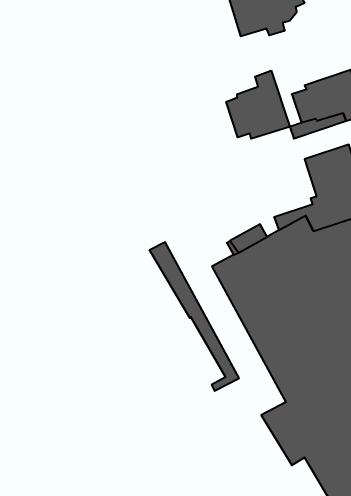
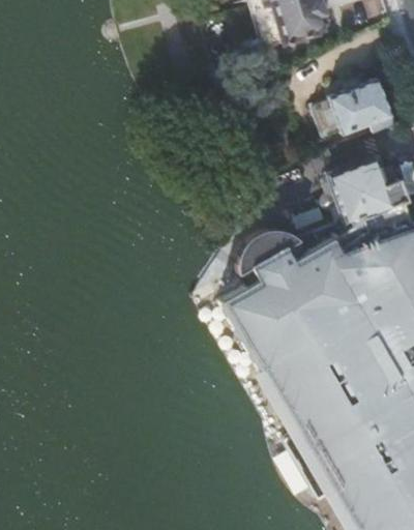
building: [226,71,290,139] -> none
building: [149,242,239,391] -> [216,287,310,443]

